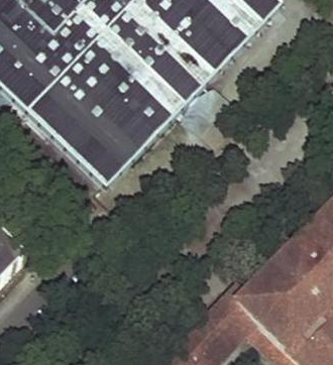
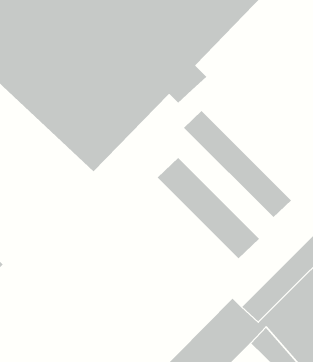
building: none -> [183,110,292,218]
building: none -> [157,157,260,259]

